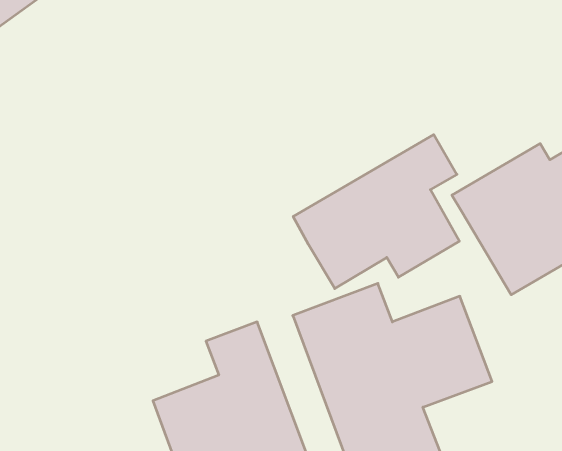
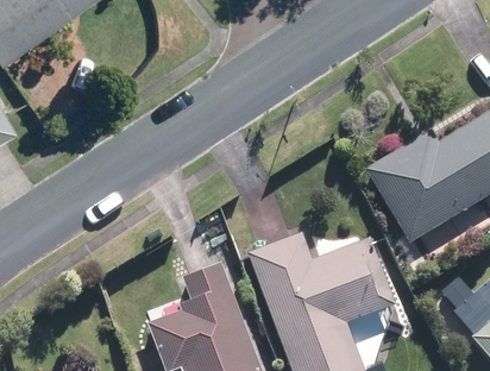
building: [293,135,459,289] -> none

